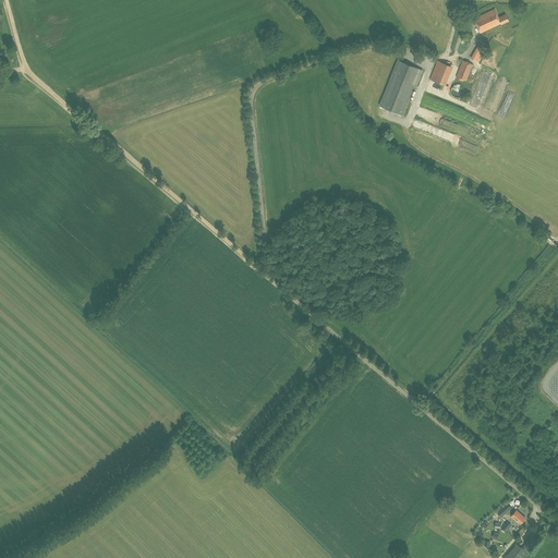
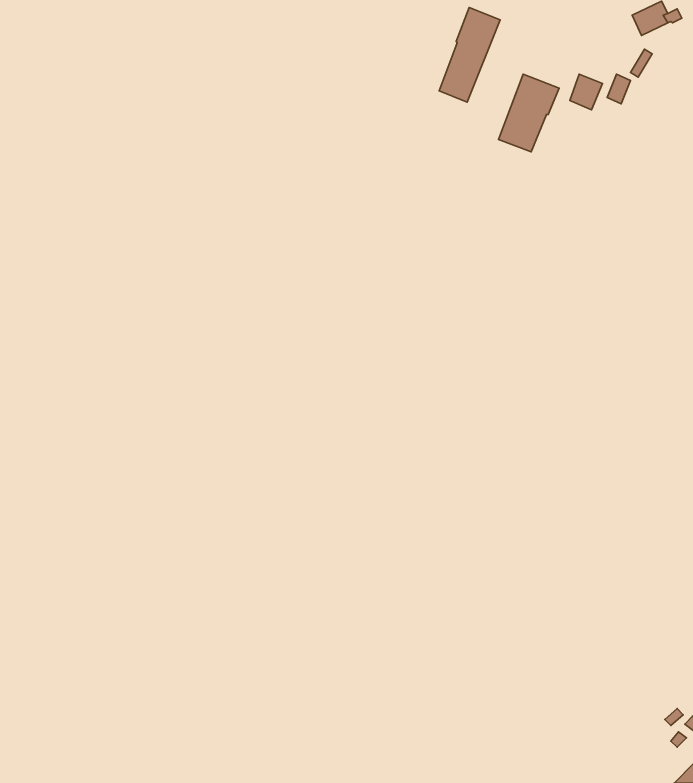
building: none -> [439,8,500,102]

